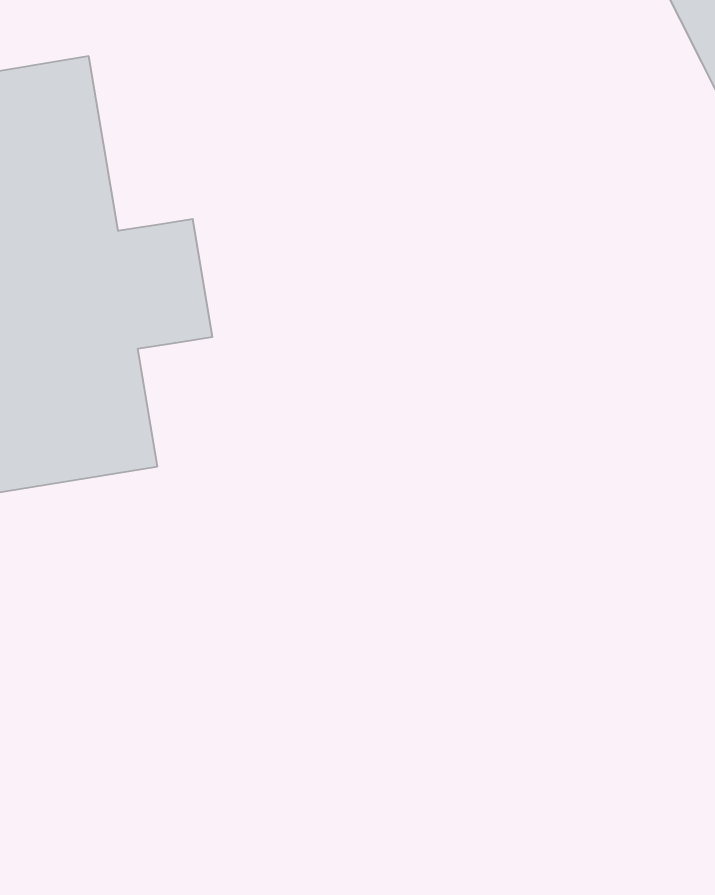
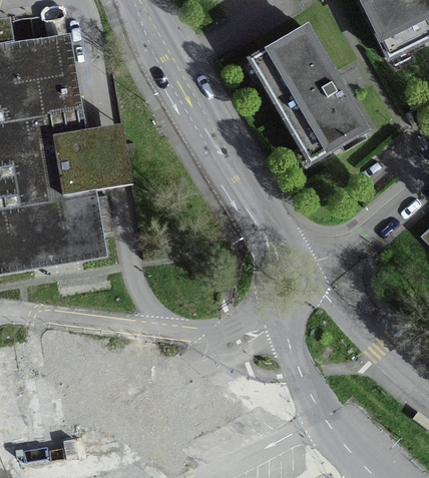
building: none -> [250,23,366,158]

